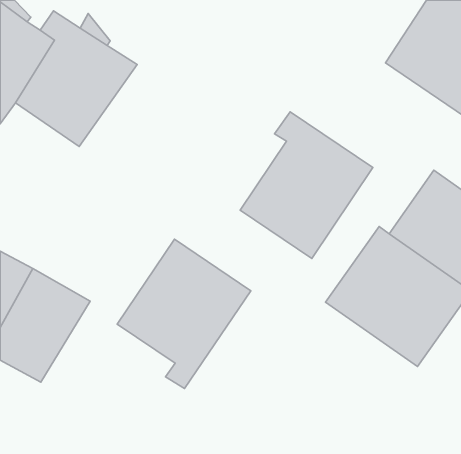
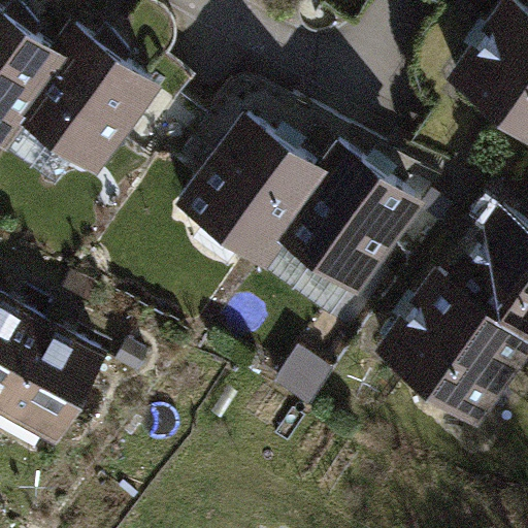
building: none -> [169,109,329,271]
building: [117,239,251,389] -> none

